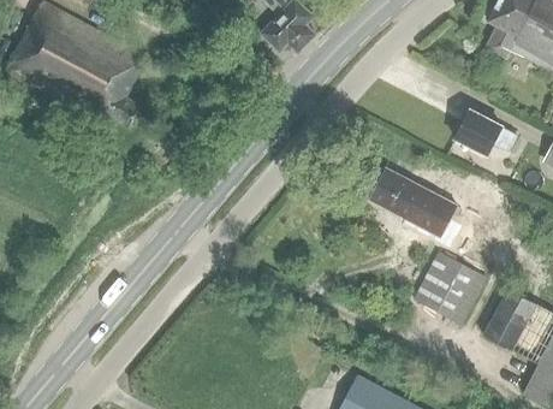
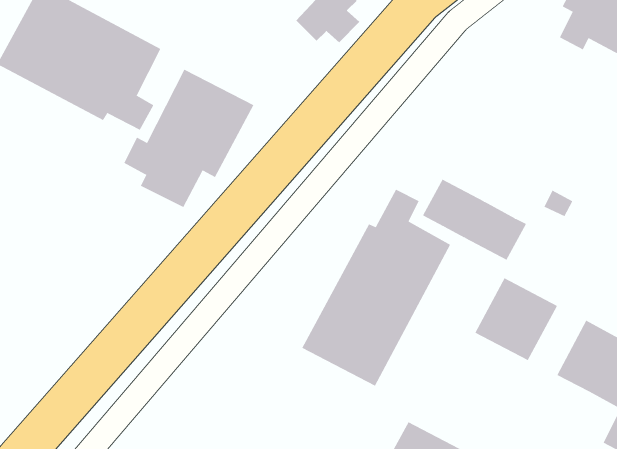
building: none -> [123,69,254,208]
building: [454,109,516,154] -> none
building: none -> [301,189,451,387]

